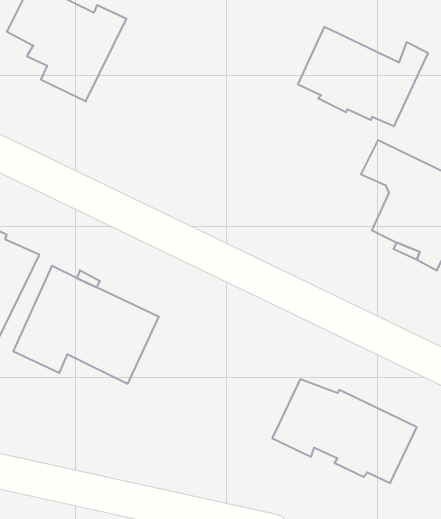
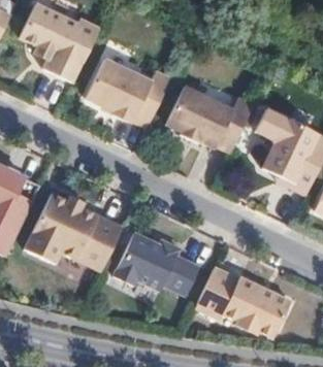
building: [298,27,428,126] -> [166,86,253,152]
building: none -> [85,59,170,127]
building: none -> [115,230,201,296]

